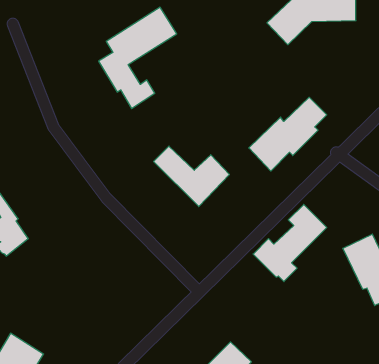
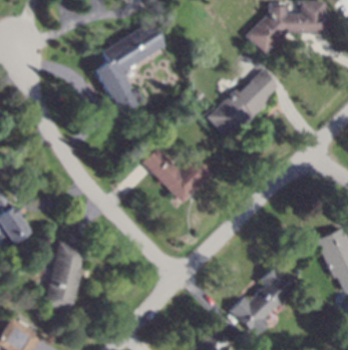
building: [249,97,327,171] -> [207,70,278,137]
building: [253,204,327,282] -> [230,266,297,336]
building: none -> [43,242,86,315]

